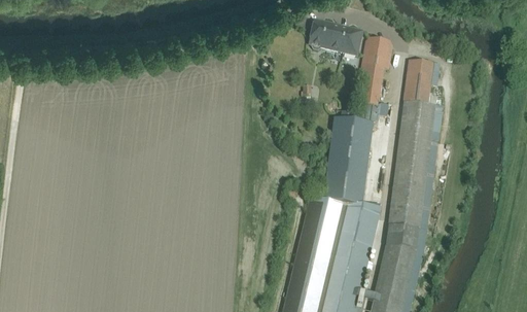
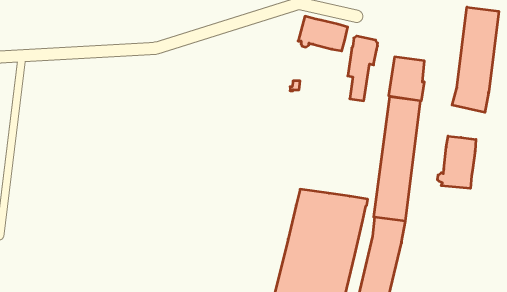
building: none -> [452,7,499,112]
building: [323,104,379,204] -> none
building: none -> [437,136,476,188]

